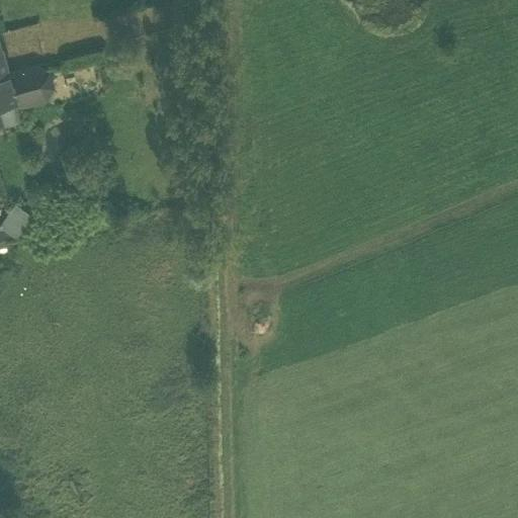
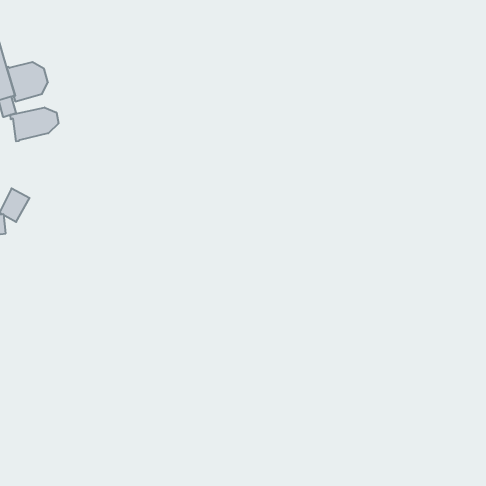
building: none -> [10,107,58,141]

